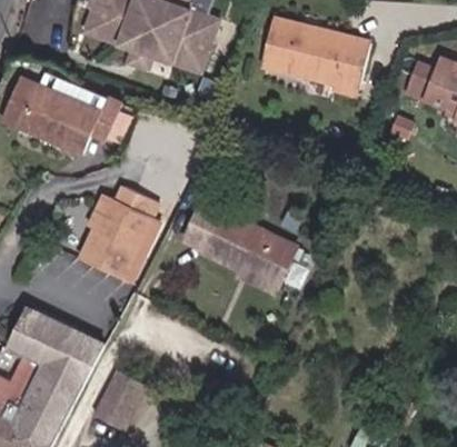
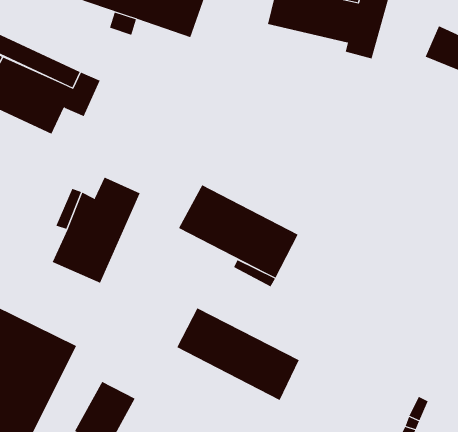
building: none -> [177,308,300,401]

